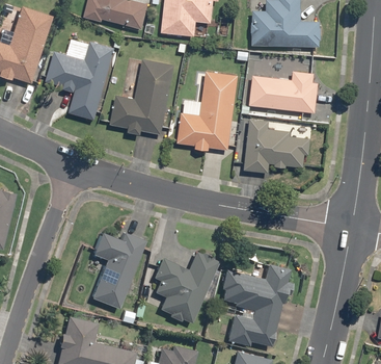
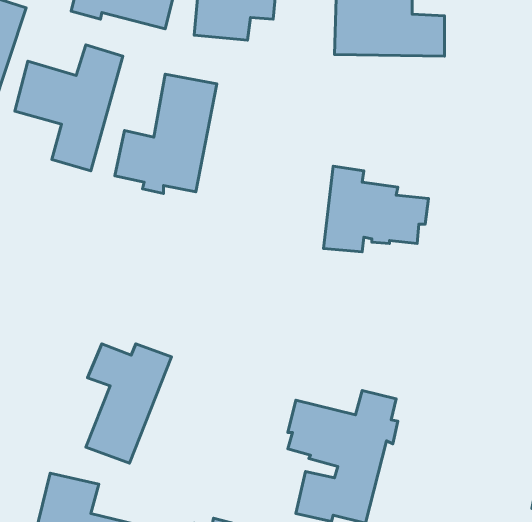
building: [249,71,319,113] -> none
building: [178,72,239,152] -> none
building: [154,252,219,324] -> none

